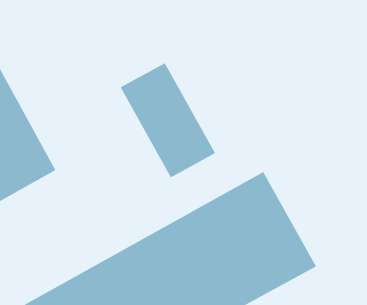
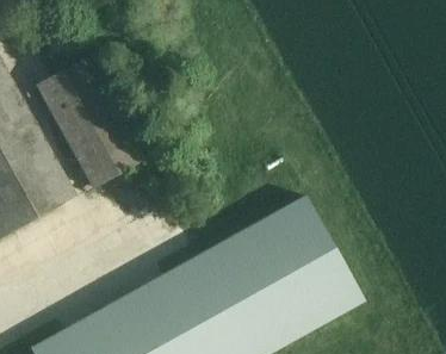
building: [120,62,216,178] -> [36,60,142,187]

